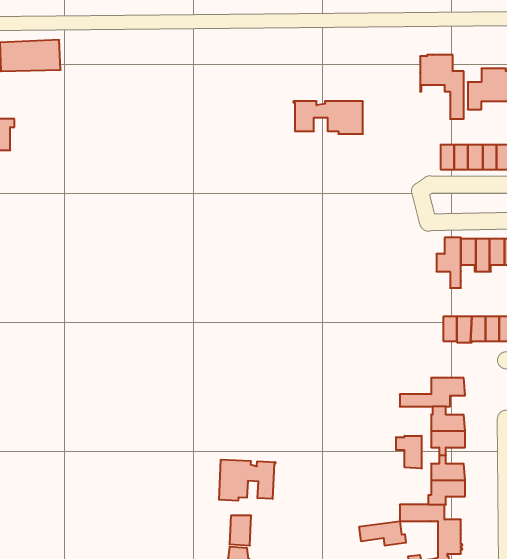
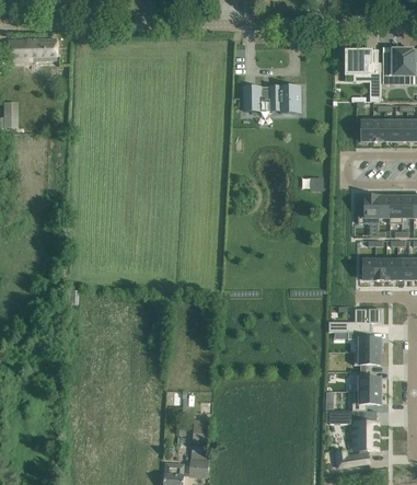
building: [396,436,422,469] -> none
building: [219,460,275,501] -> none
building: [359,521,406,546] -> none

